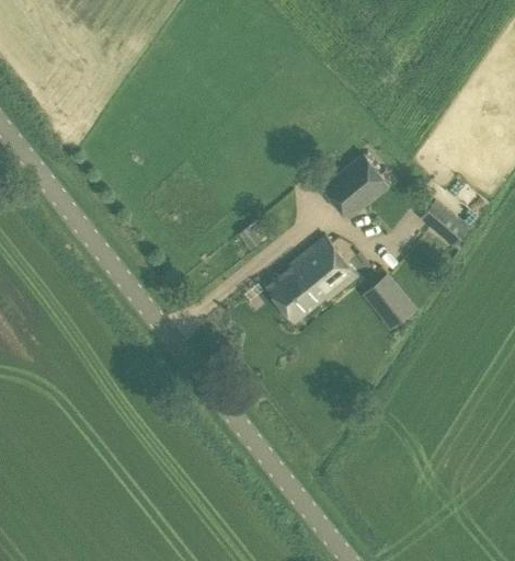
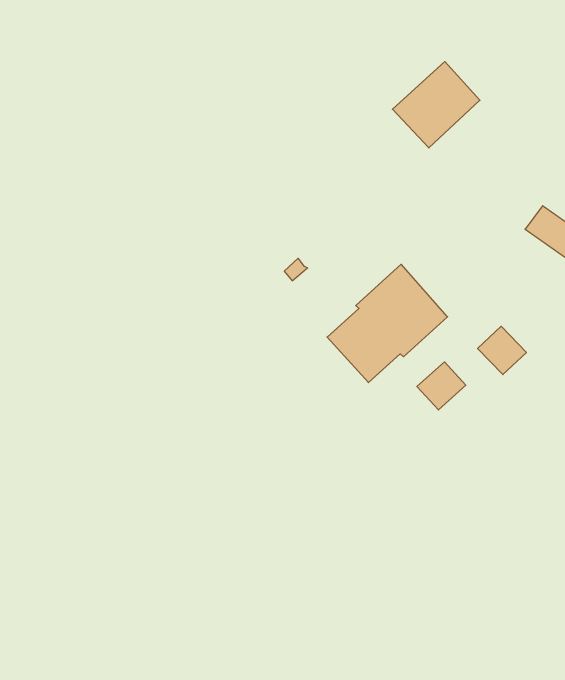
building: [321,154,387,218] -> [392,62,480,148]
building: none -> [417,362,466,410]

